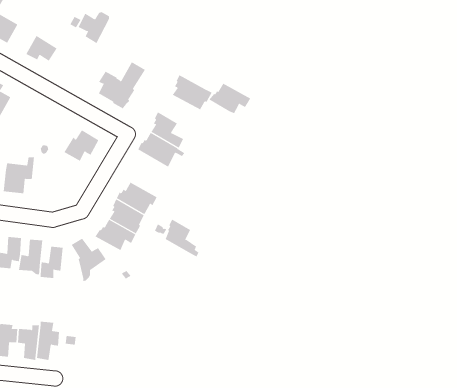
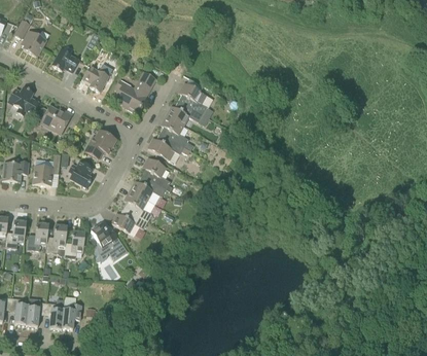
building: [78,12,110,44] -> [83,64,111,92]
building: [208,83,251,114] -> [166,100,203,127]
building: none -> [37,105,71,134]
building: none -> [69,159,93,187]
building: [165,219,199,257] -> [142,157,172,190]

